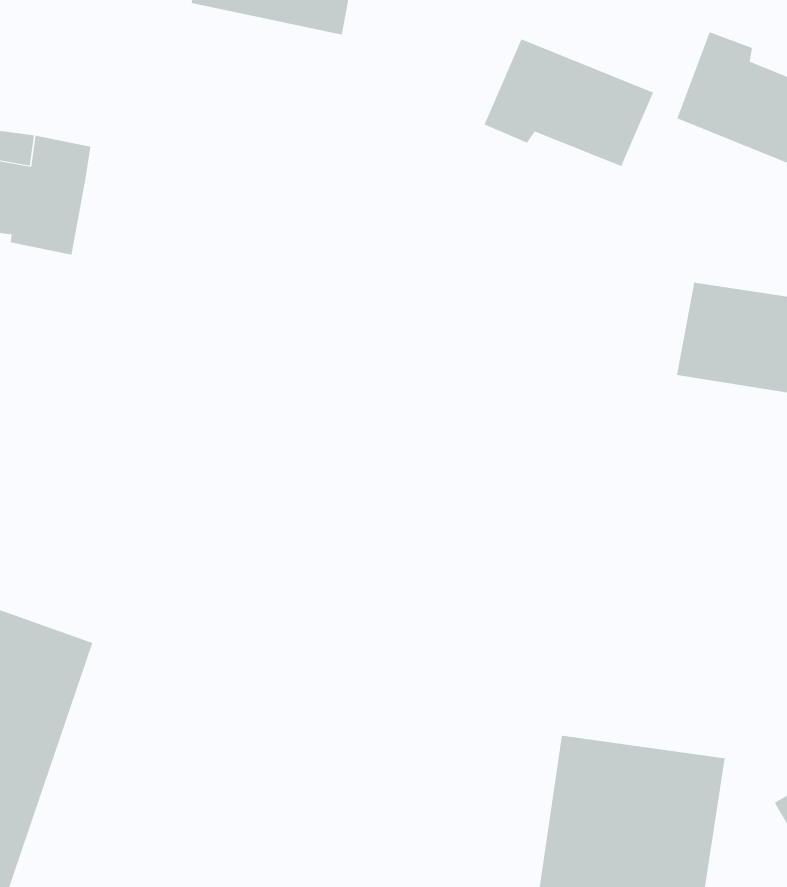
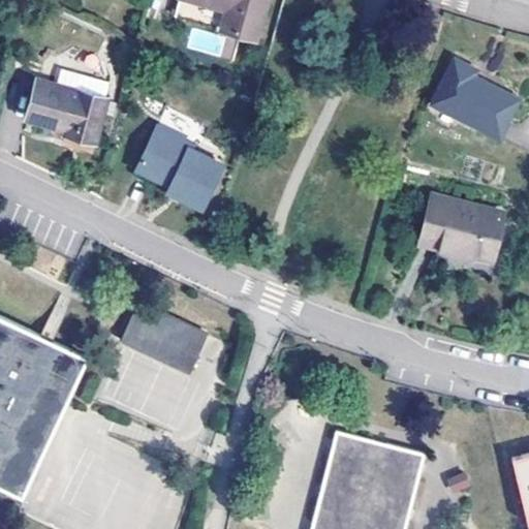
building: [484,38,654,167] -> none
building: none -> [135,126,222,209]
building: none -> [114,299,201,367]

